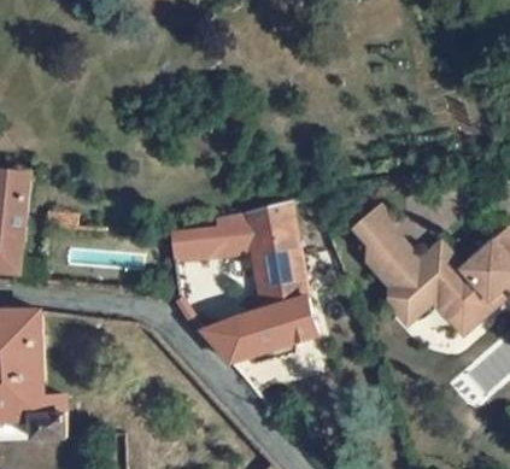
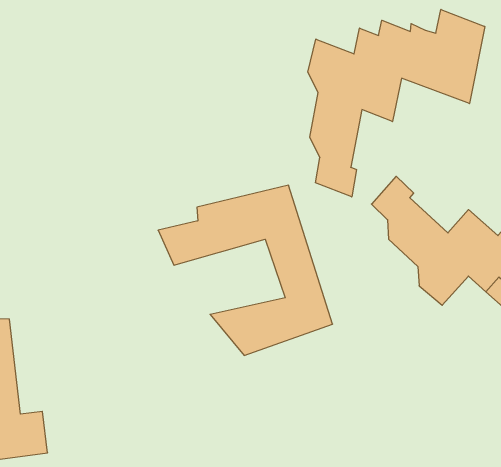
building: none -> [308,9,485,197]

